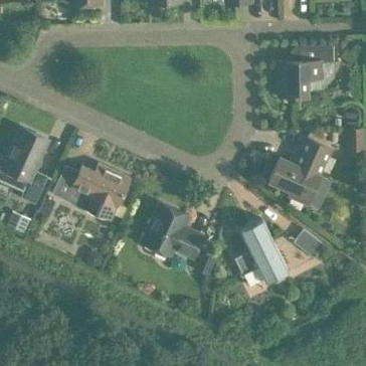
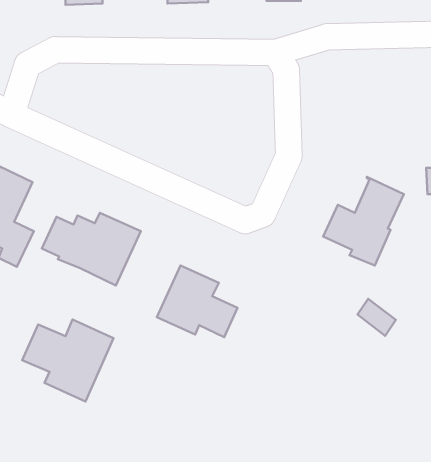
building: [274,46,337,97] -> none
building: [234,220,288,284] -> none
building: none -> [22,320,113,402]

